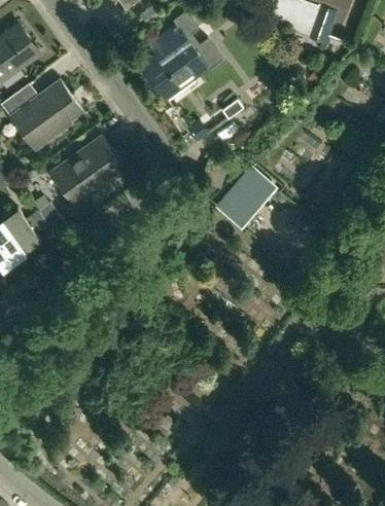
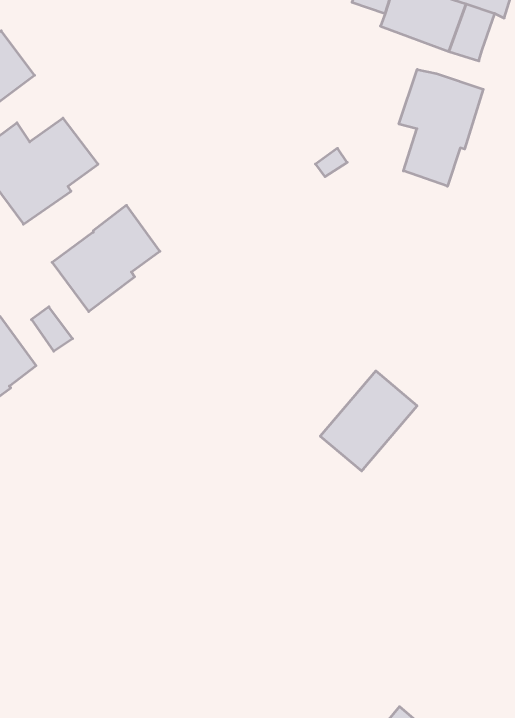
building: [142,10,223,98] -> none
building: none -> [399,69,483,186]
building: [215,165,278,229] -> [320,371,417,471]

